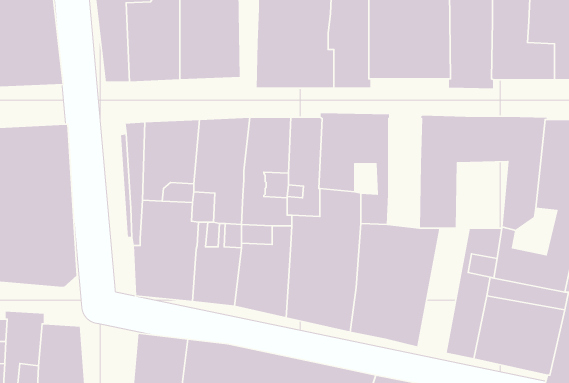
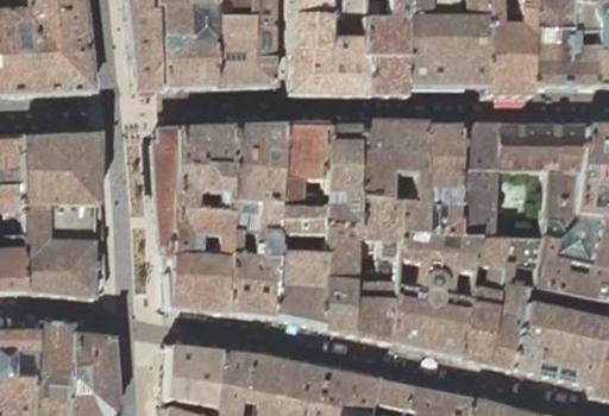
building: none -> [422,126,457,238]
building: none -> [550,218,595,265]
building: none -> [453,238,506,365]

